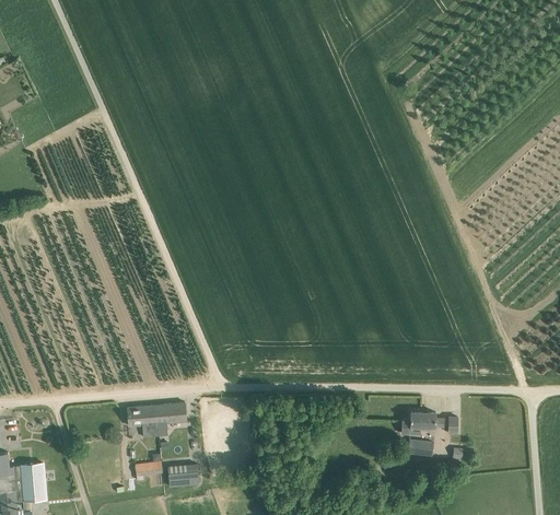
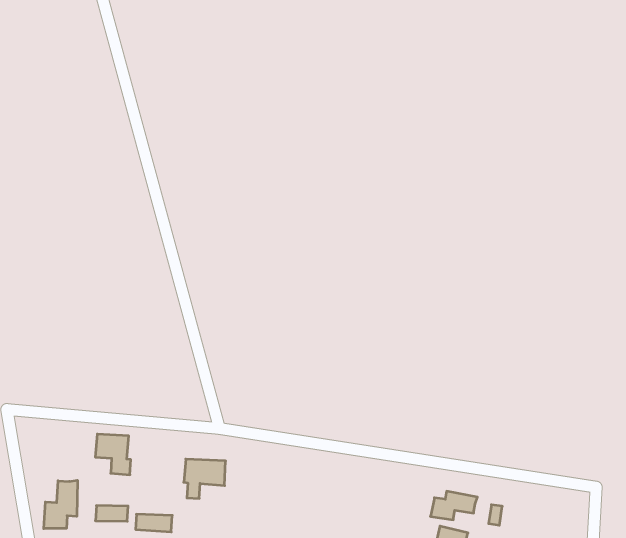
building: [153,402,187,436] -> [184,459,226,498]
building: none -> [44,480,77,529]

